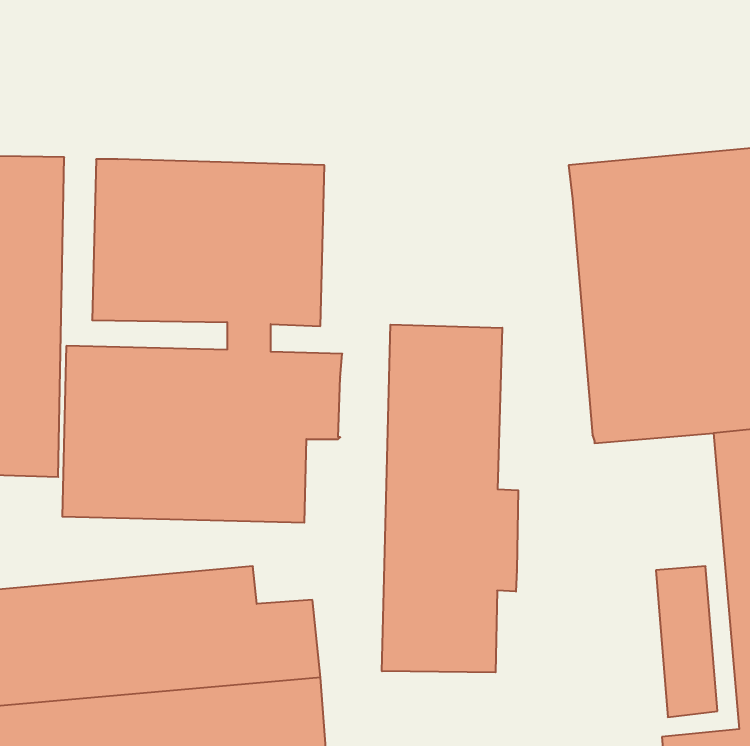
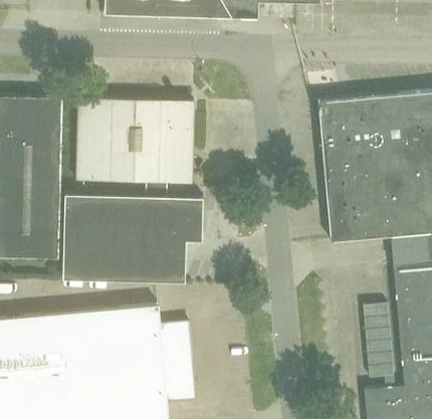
building: [382,325,518,672] -> none

